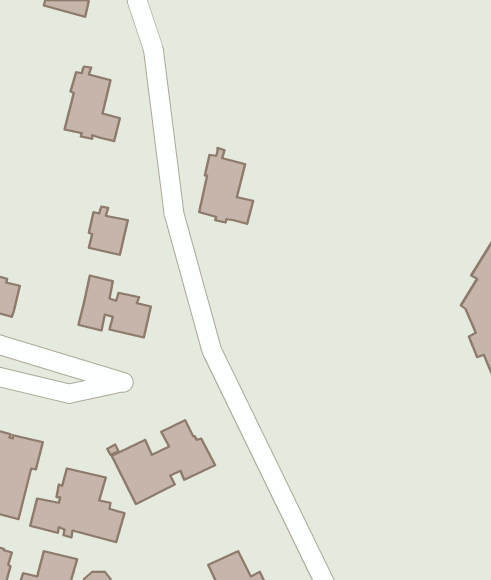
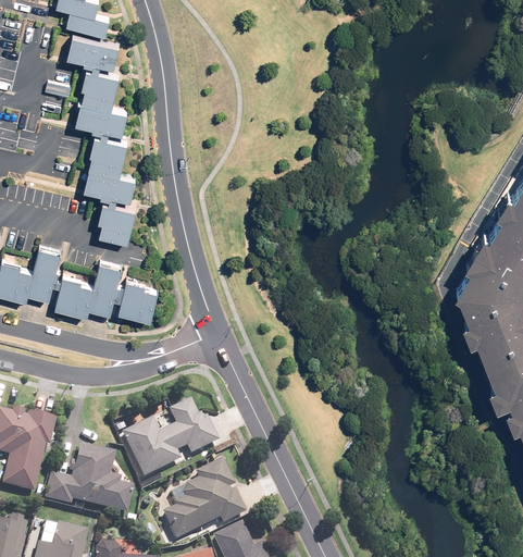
building: none -> [67,11,110,36]
building: none -> [67,36,120,69]
building: [199,148,253,224] -> [85,129,136,201]
building: none -> [28,247,95,317]
building: none -> [161,459,246,541]

